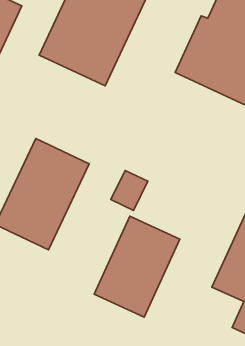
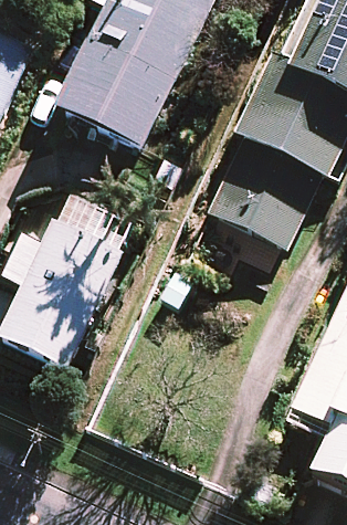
building: none -> [208,159,308,245]
building: [94,216,180,317] -> none

